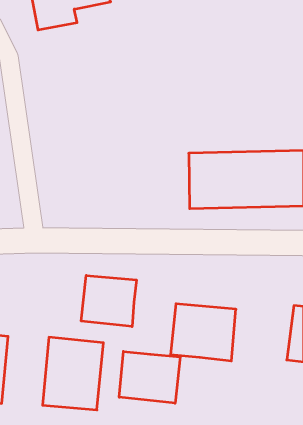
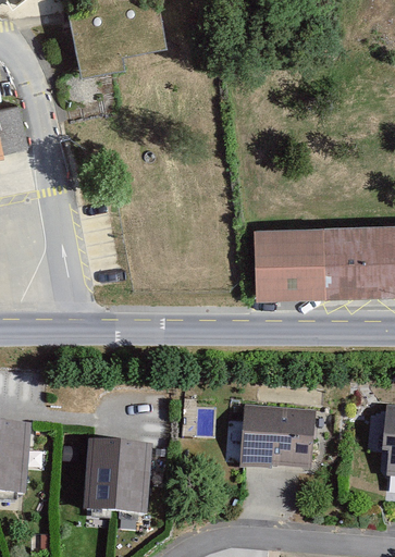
building: [81,275,136,327] -> none
building: [119,351,180,403] -> none

